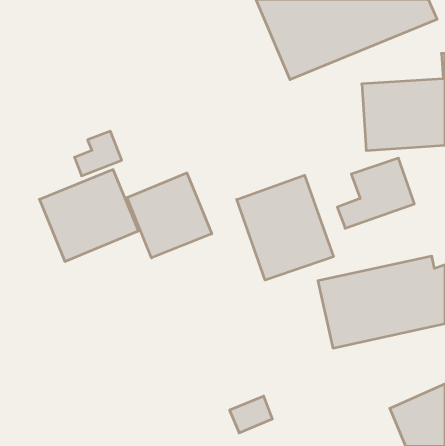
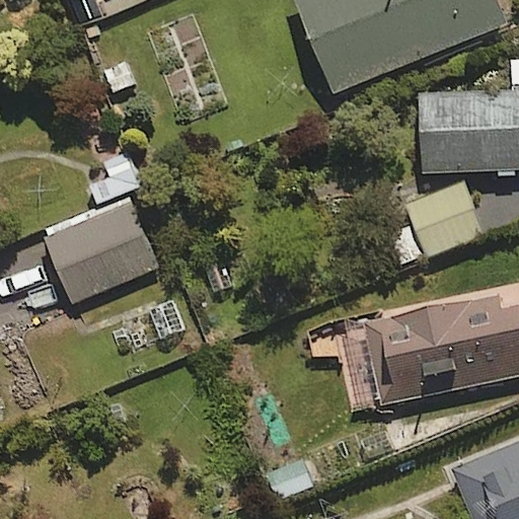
building: [127,173,212,258] -> none
building: [237,175,333,280] -> none

